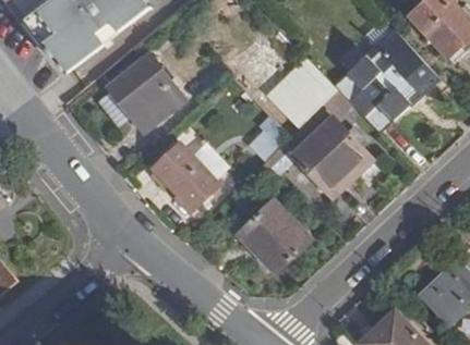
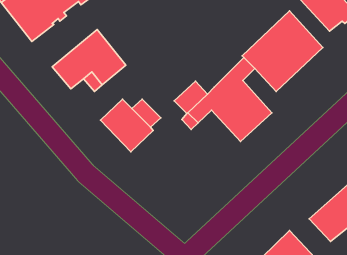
building: [266,58,336,128] -> none
building: [238,201,310,273] -> none

